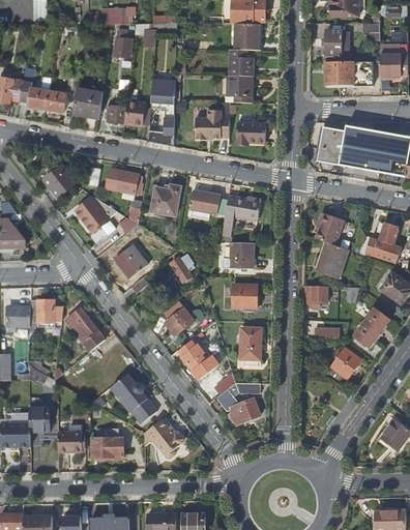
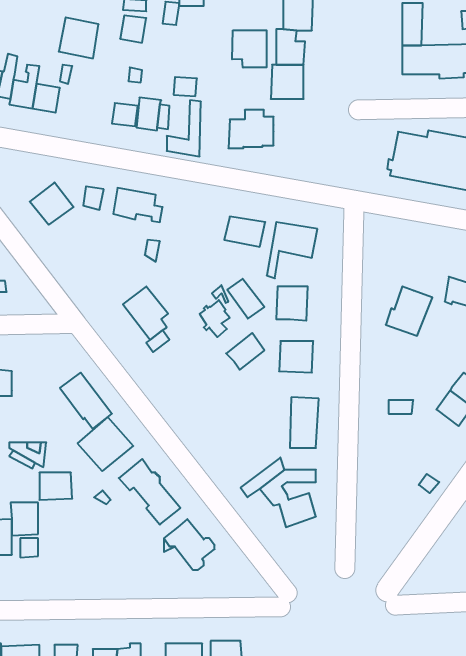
building: none -> [232,30,267,68]
building: [71,88,101,119] -> [59,17,99,58]
building: [234,122,263,143] -> none
building: [152,185,181,215] -> none
building: [80,197,118,236] -> none
building: [315,214,343,246] -> none
building: none -> [227,279,264,319]
building: [304,288,326,310] -> none
building: [30,299,63,323] -> none
building: [165,307,194,335] -> [226,333,264,370]
building: [178,338,208,371] -> none
building: none -> [78,417,133,471]
building: [327,348,360,383] -> none
building: [91,429,123,458] -> none
building: [58,432,83,452] -> [39,473,72,500]

